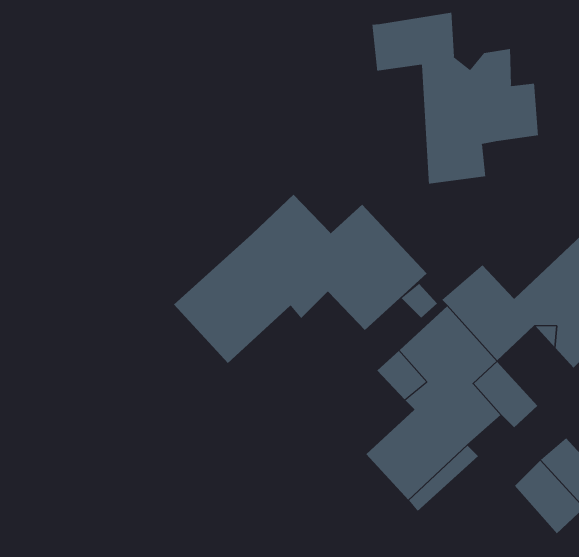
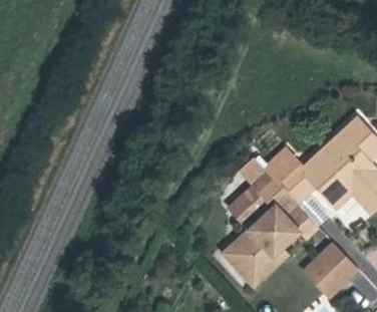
building: [372,12,538,184] -> none
building: [173,194,428,364] -> none

